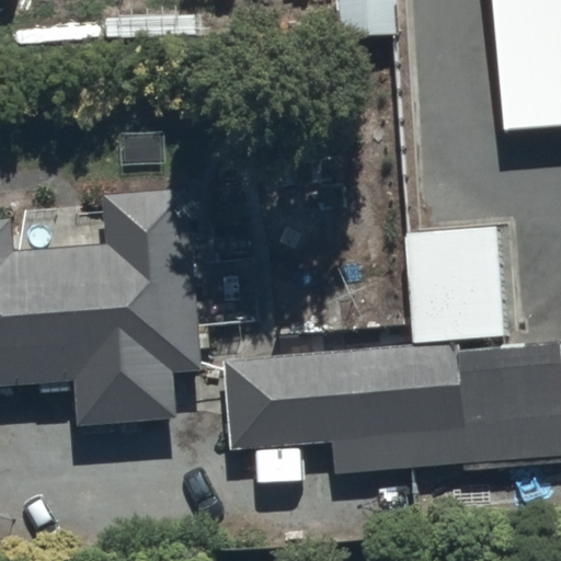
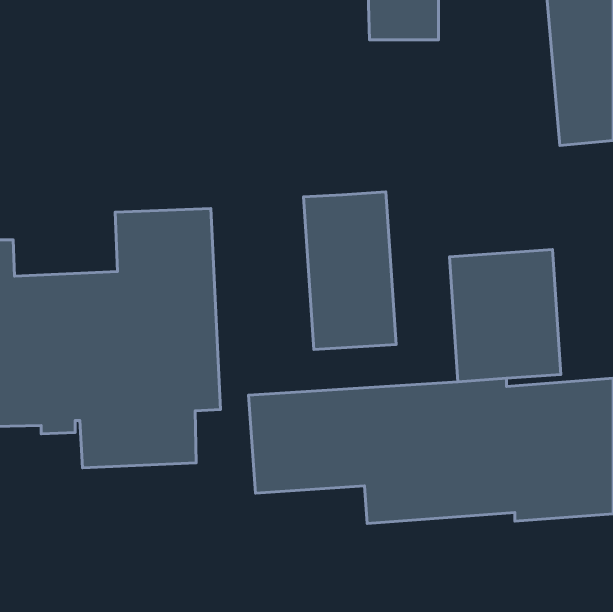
building: none -> [304,192,396,350]

